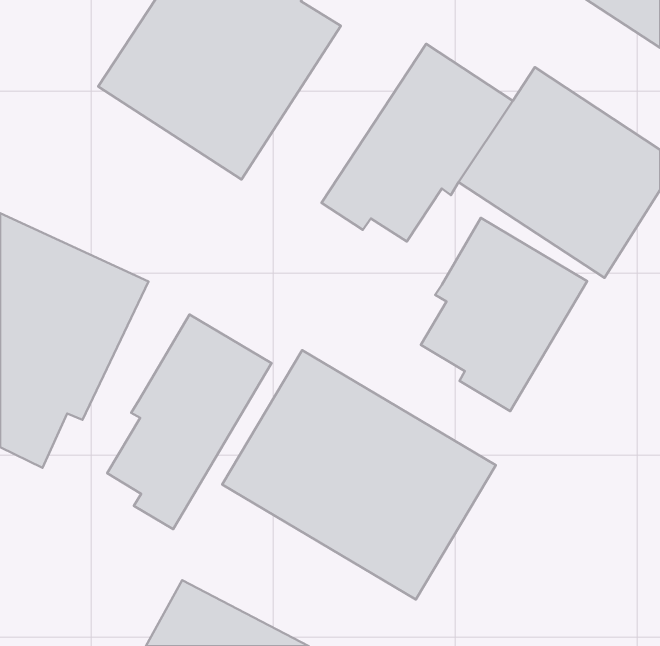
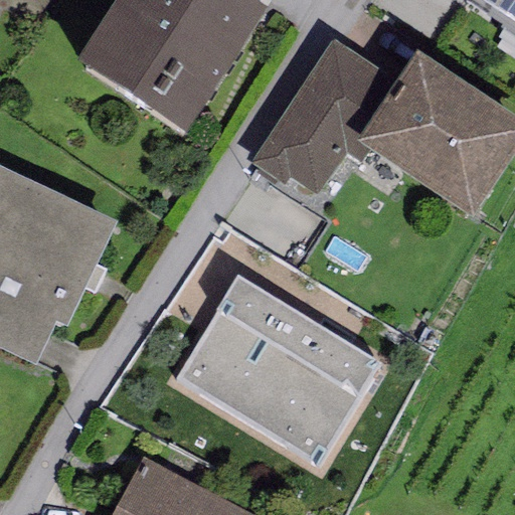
building: [421,218,587,411] -> none
building: [107,314,272,529] -> none

